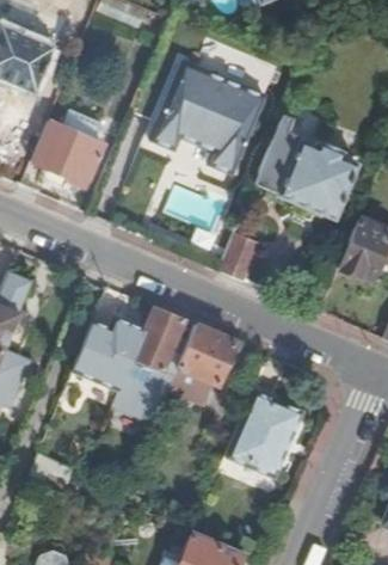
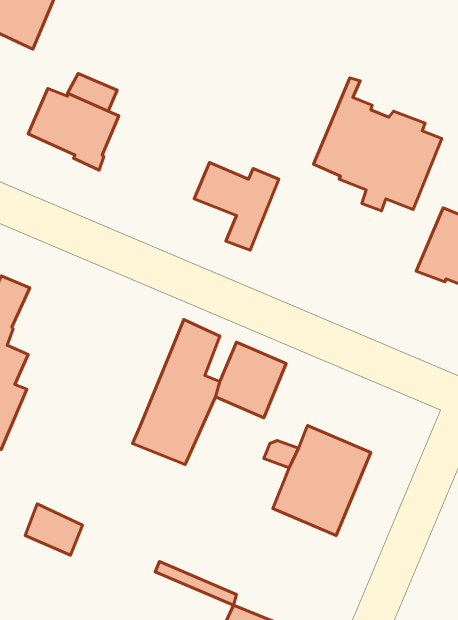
building: [152,63,265,176] -> none
building: [221,226,260,280] -> none
building: [73,317,144,391] -> none

